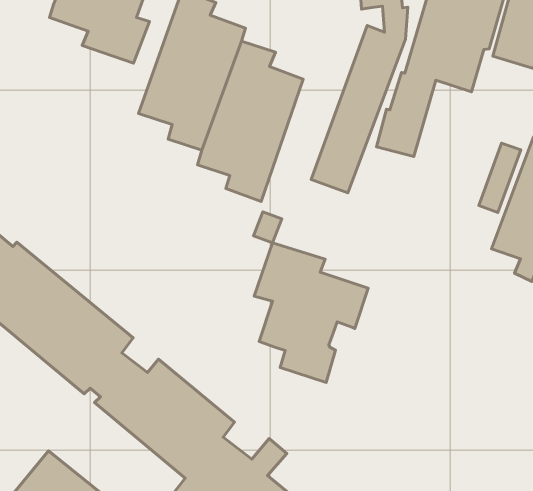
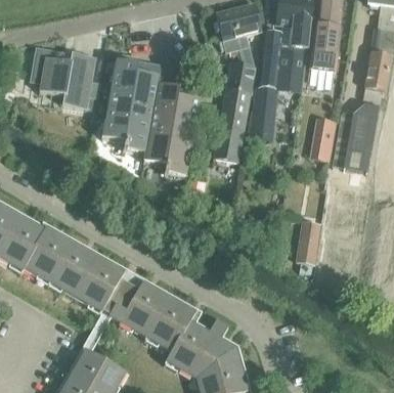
building: [254,243,368,383] -> none
building: none -> [297,219,319,262]

